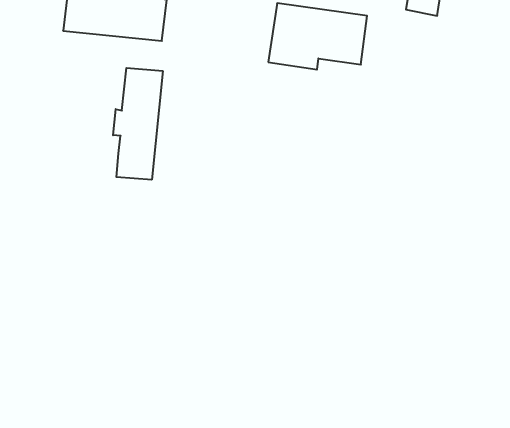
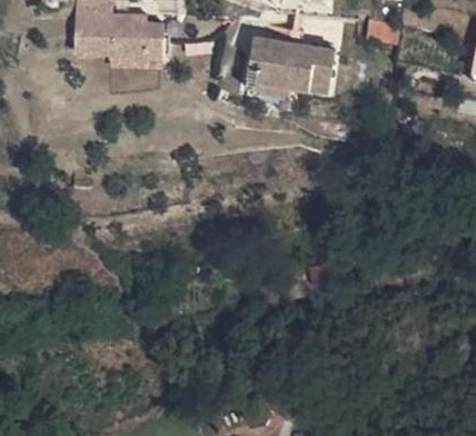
building: [113,68,163,180] -> none

